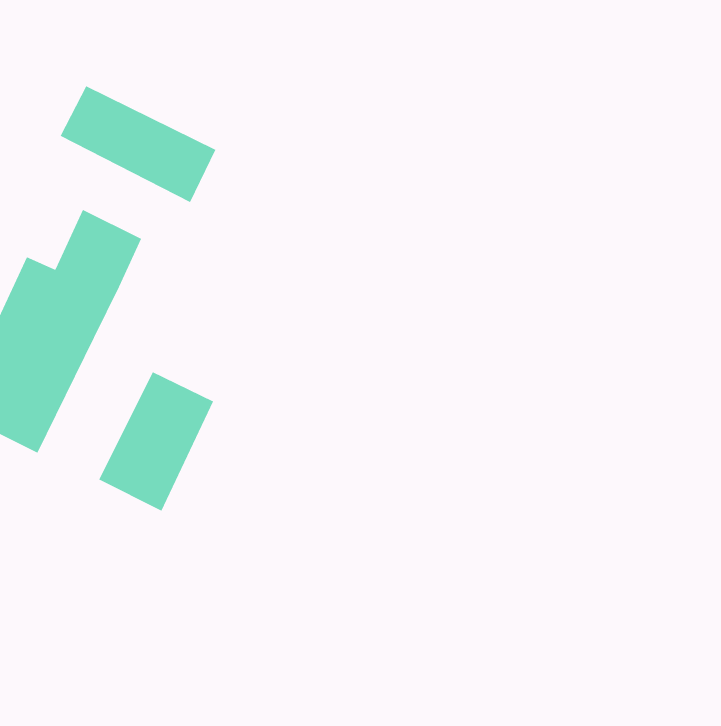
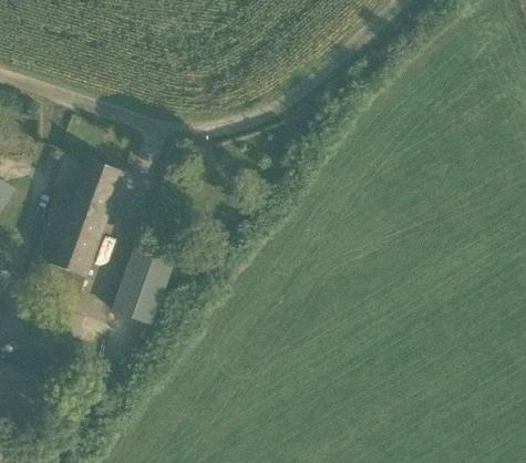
building: [59,85,217,203] -> none

